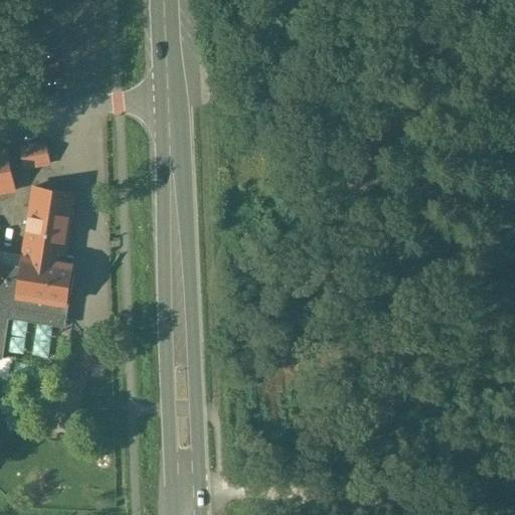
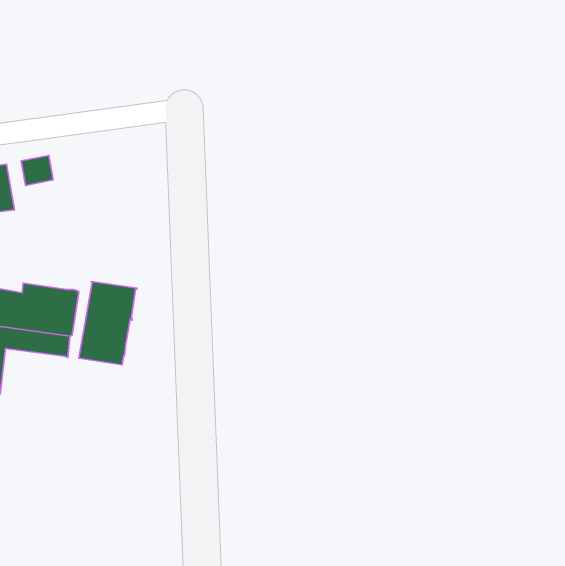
building: [21,188,73,264] -> [79,281,137,365]

